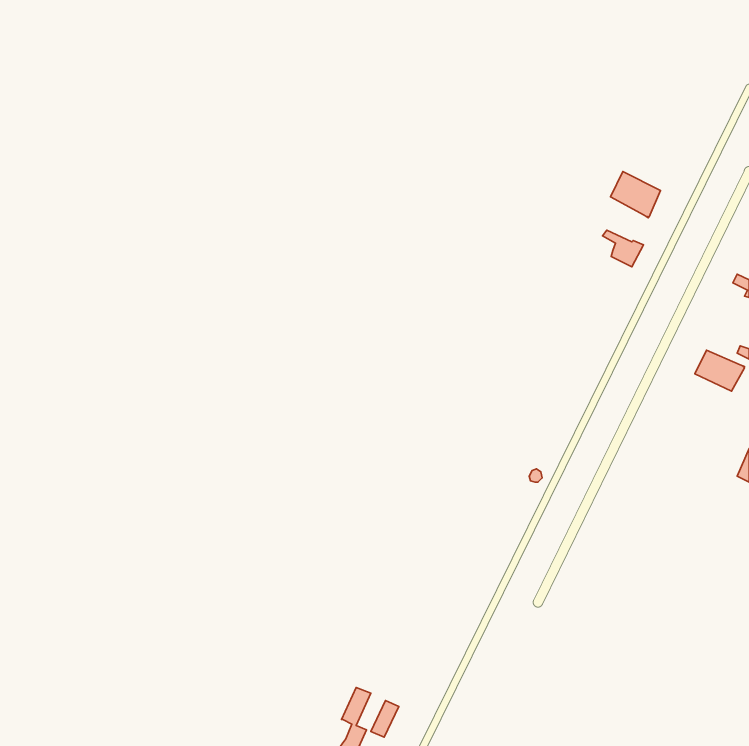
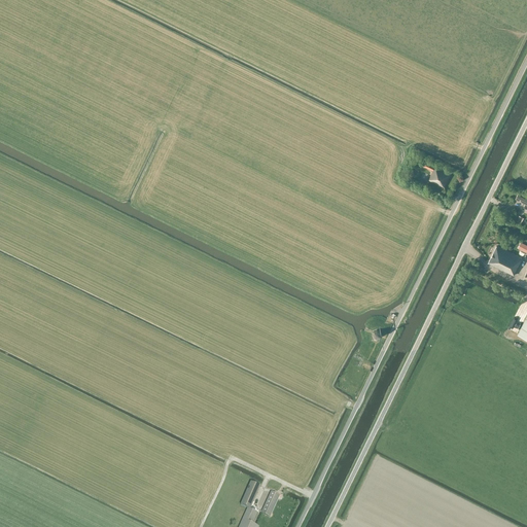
building: [611,172,660,218] -> none

